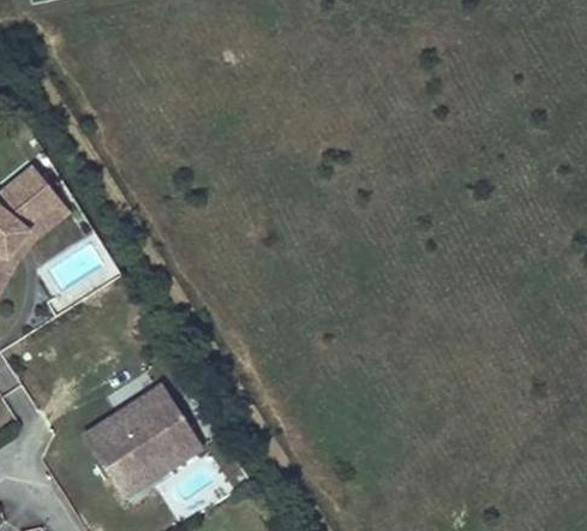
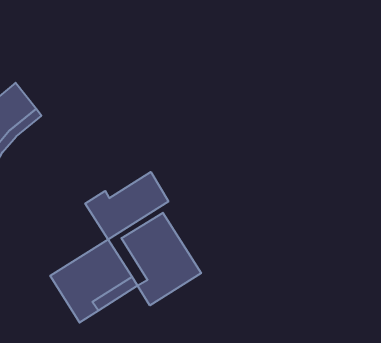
building: none -> [85,172,168,240]
building: none -> [121,213,201,305]

